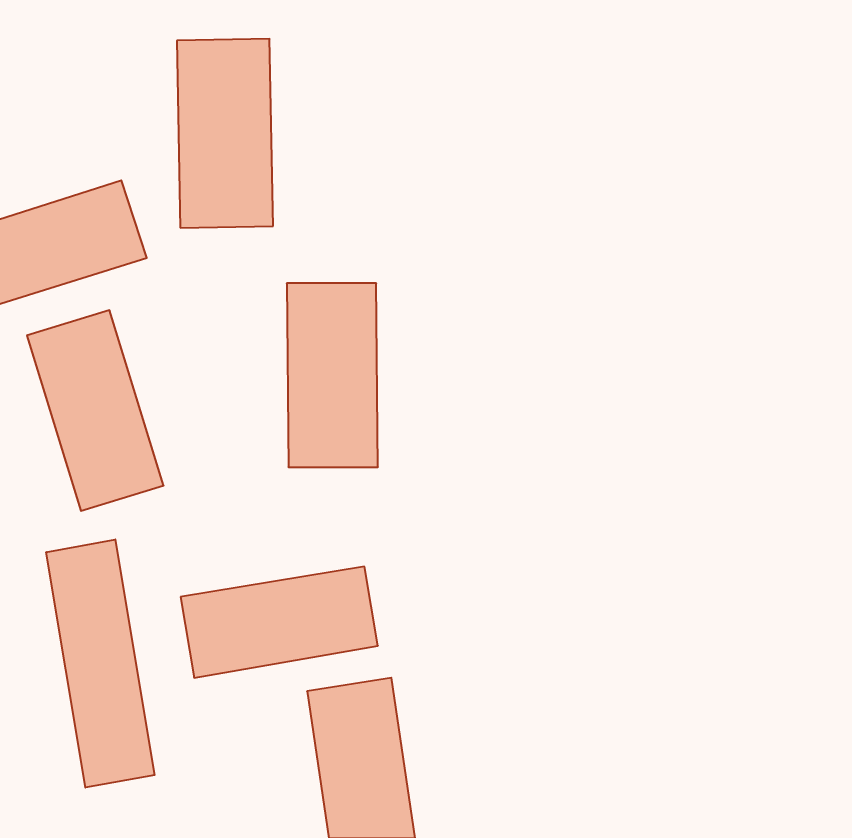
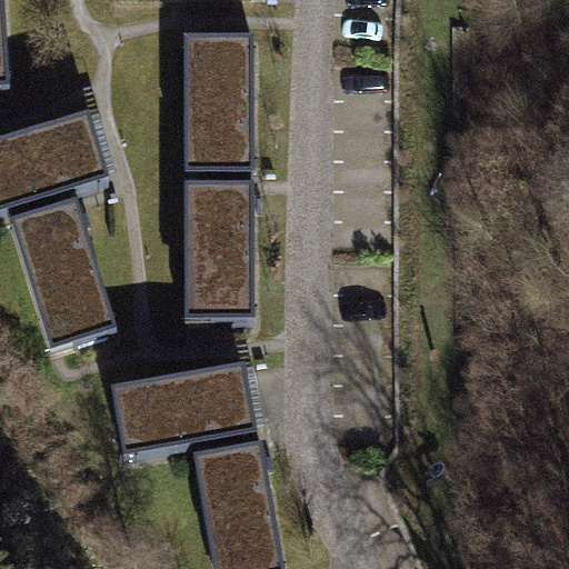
building: [177,39,273,228] -> [188,39,251,163]
building: [46,539,155,788] -> none

